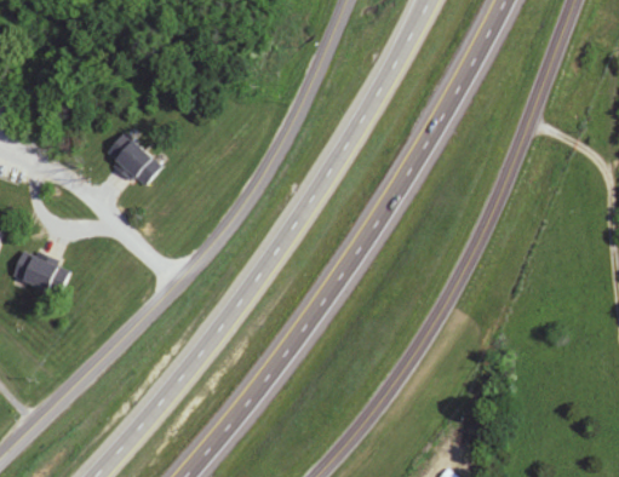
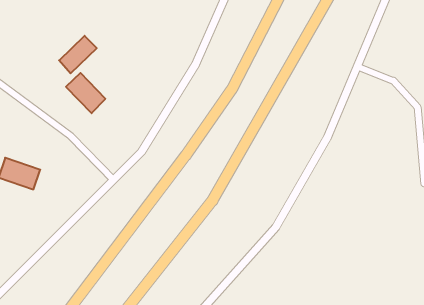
building: none -> [59,36,97,73]

